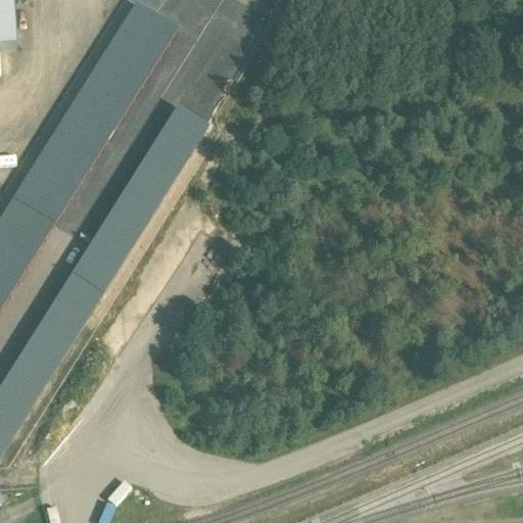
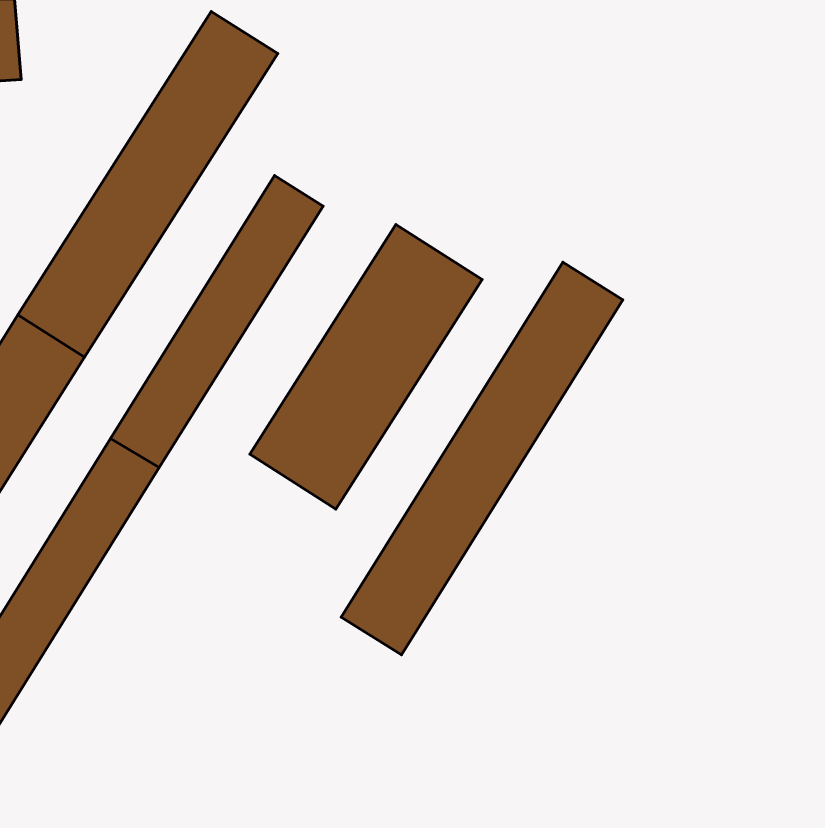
building: none -> [250,225,482,509]
building: none -> [341,262,623,655]

